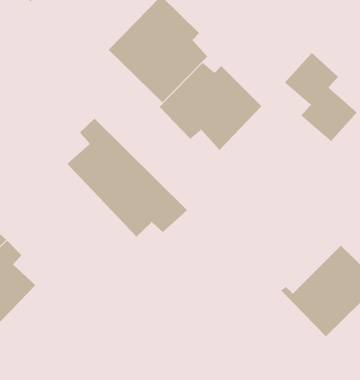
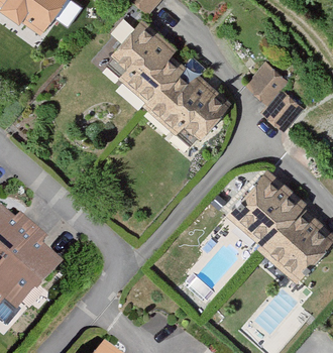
building: [66,118,188,237] -> none
building: none -> [227,170,307,251]

